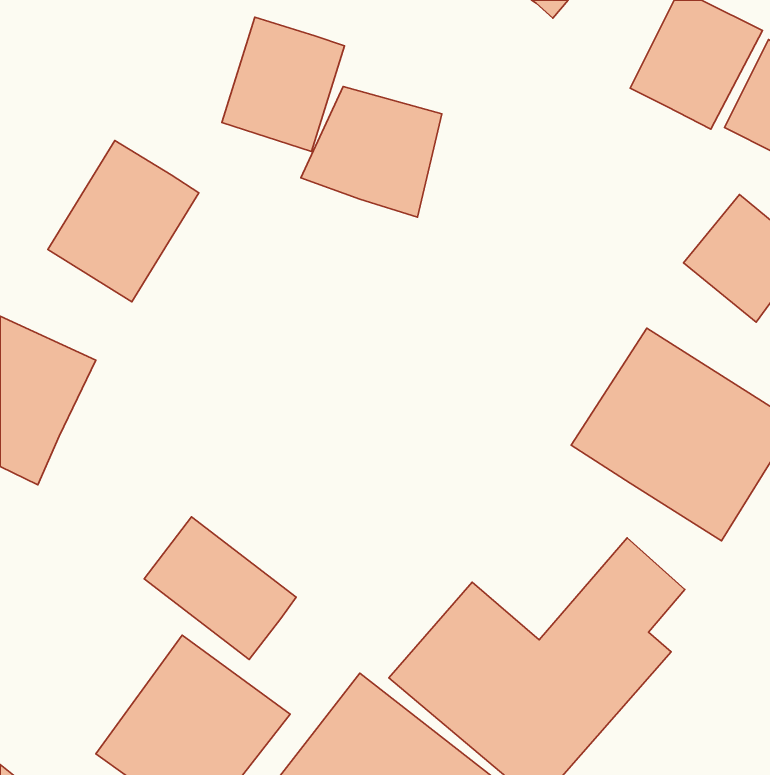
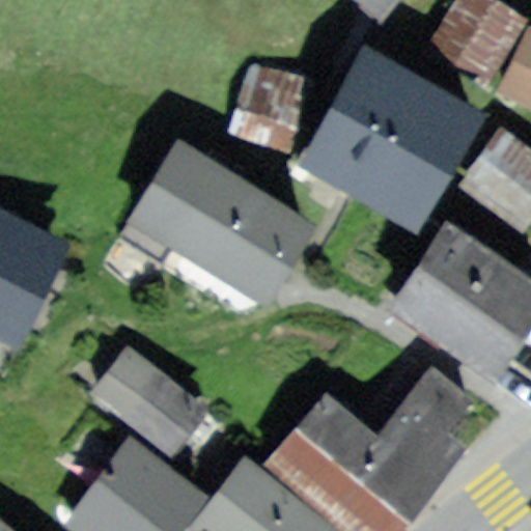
building: [222,17,345,151] -> none
building: none -> [303,52,474,222]
building: [48,141,199,302] -> none
building: none -> [122,137,306,300]

